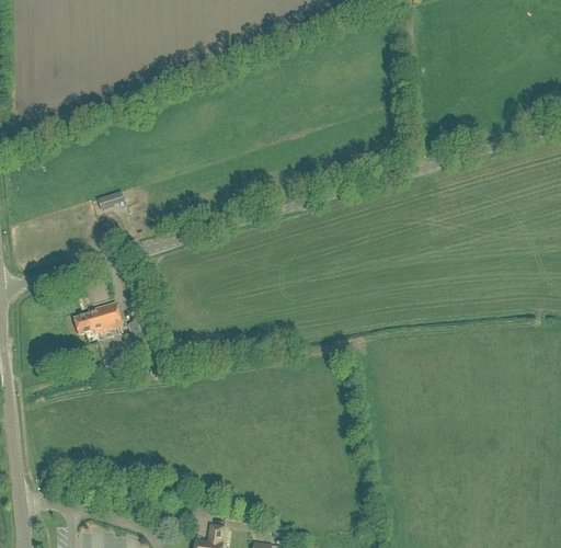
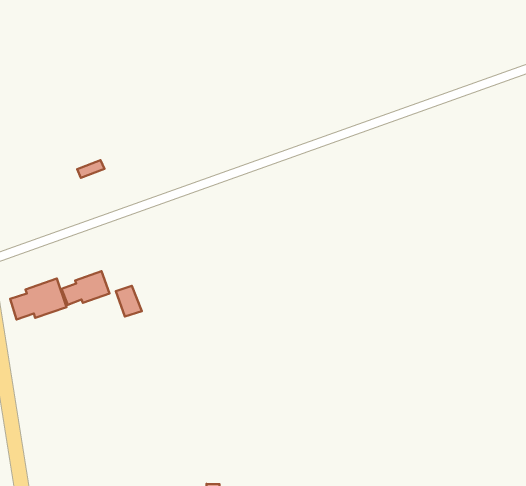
building: none -> [10,279,67,320]

